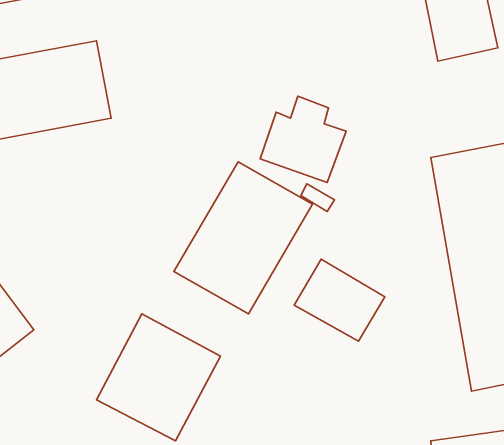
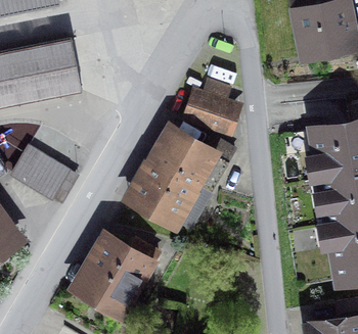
building: none -> [11,147,79,205]
building: [294,259,385,341] -> none

